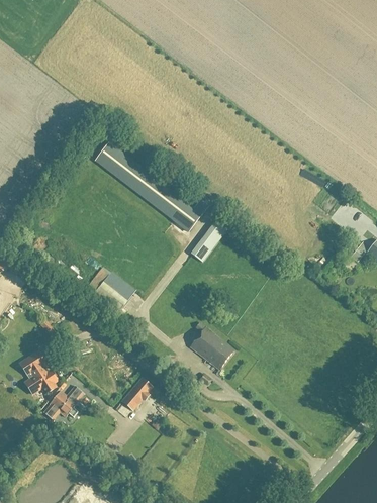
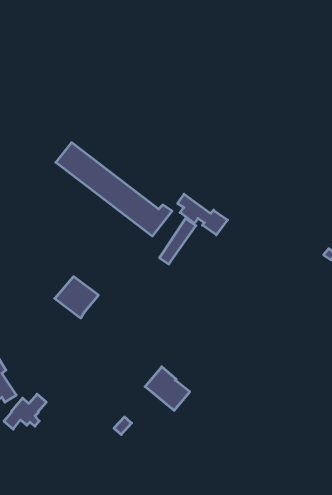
building: none -> [178,194,228,235]
building: [189,326,232,369] -> [145,367,190,410]
building: [121,377,152,409] -> none

